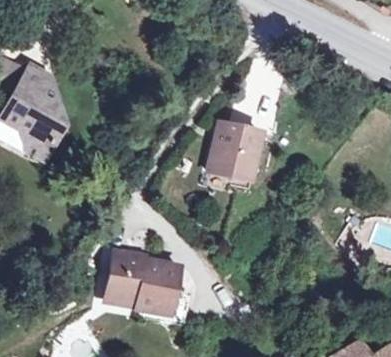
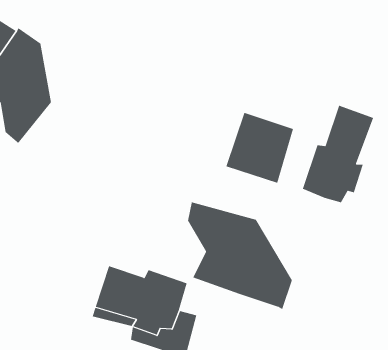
building: none -> [302,105,374,203]
building: none -> [187,201,292,310]

